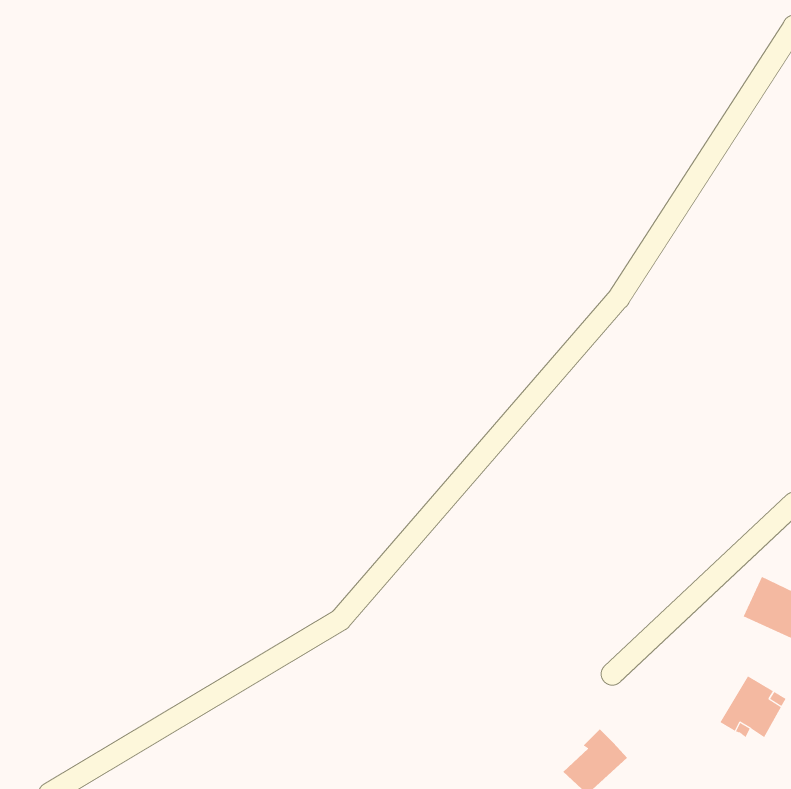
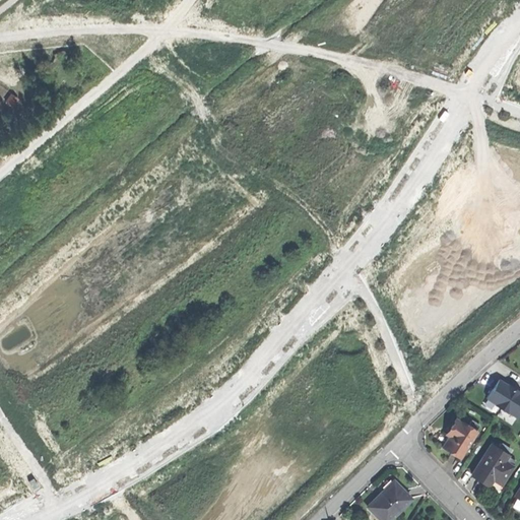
building: none -> [444,417,475,455]

